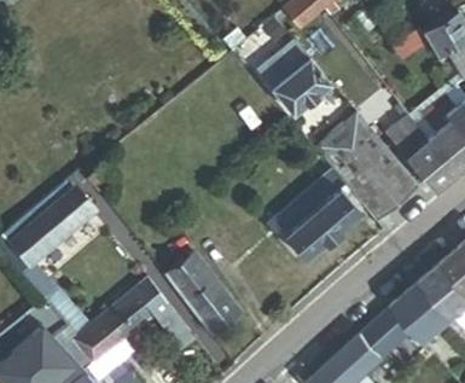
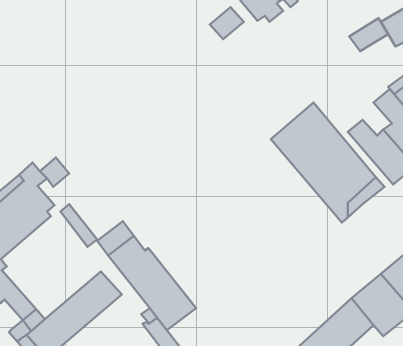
building: [255,39,329,114] -> none
building: [283,161,358,259] -> none

